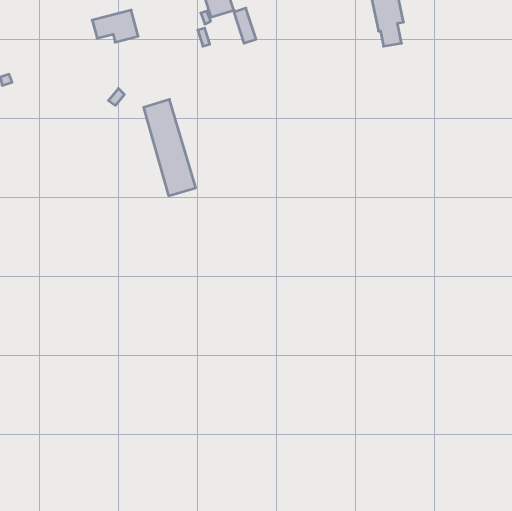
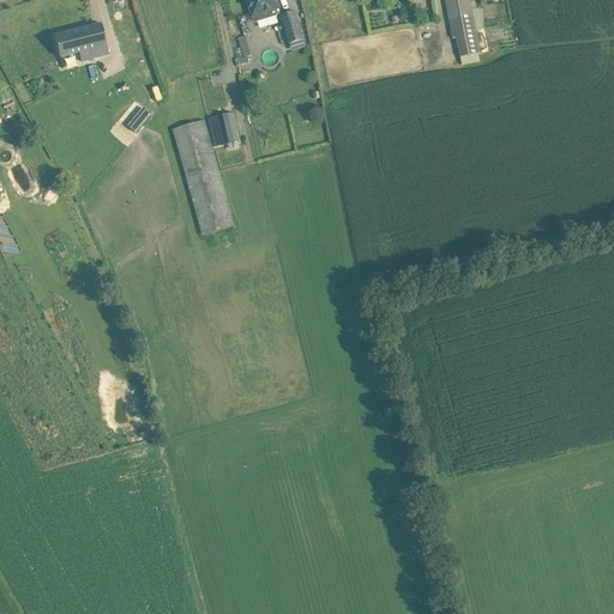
building: [92,10,138,42] -> [53,22,108,60]
building: none -> [207,112,237,144]

